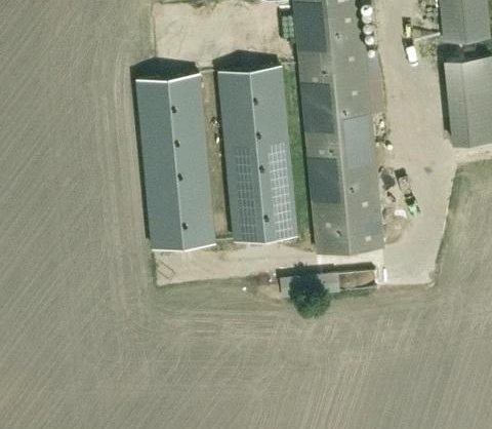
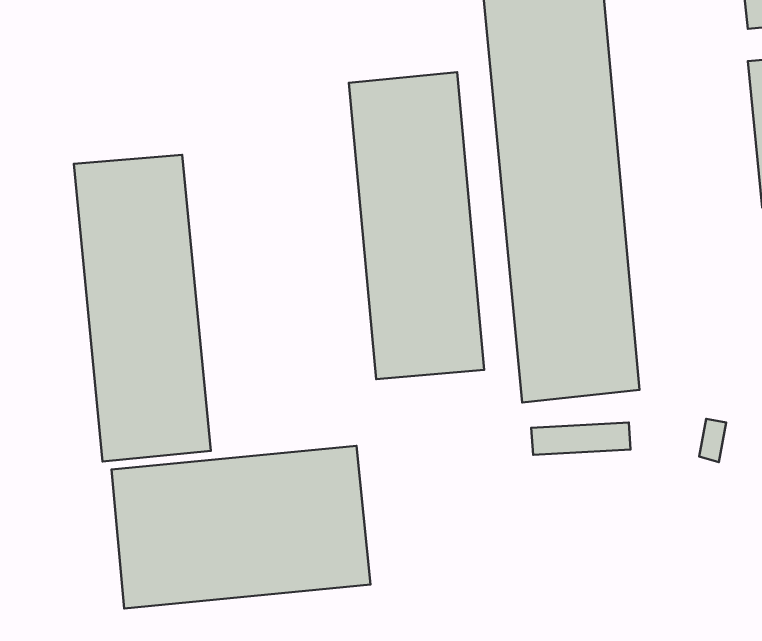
building: [136,76,214,250] -> [74,155,211,462]
building: none -> [112,446,370,608]

